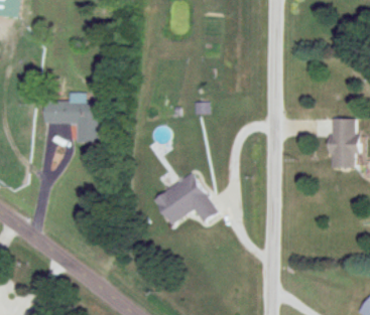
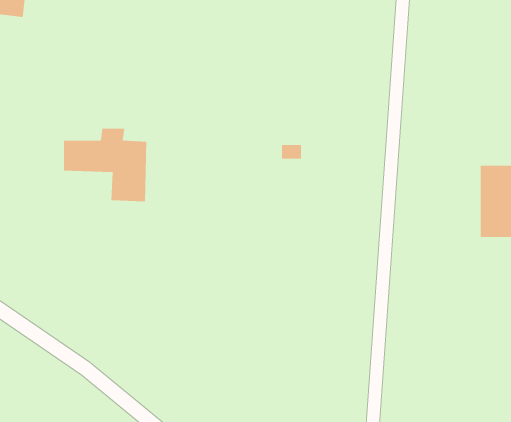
building: [153,173,218,224] -> none

